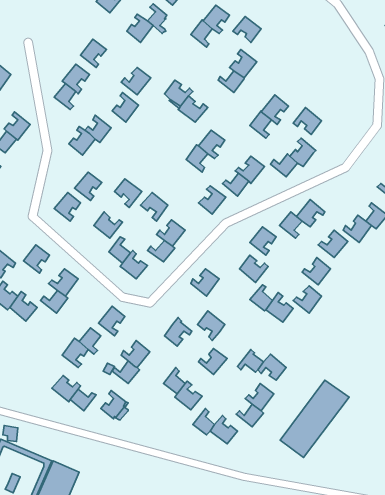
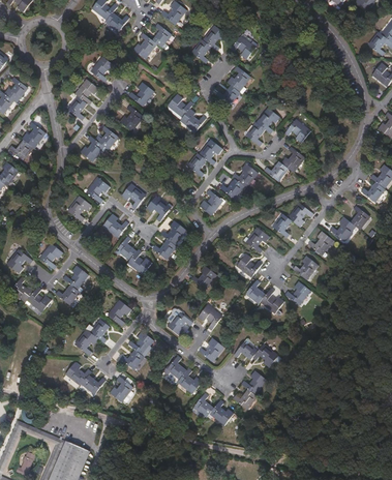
building: [280,380,349,458] -> none

